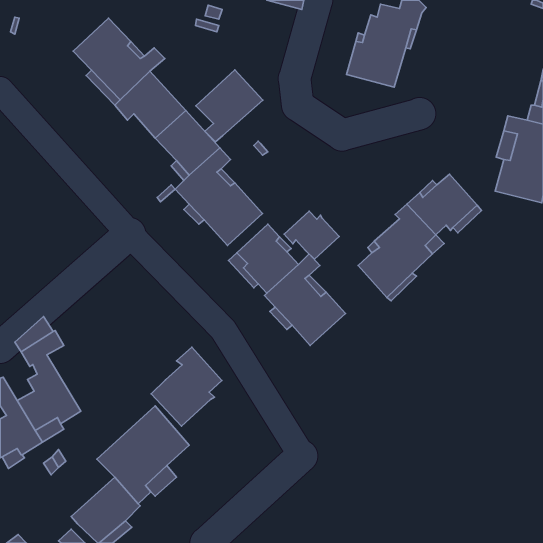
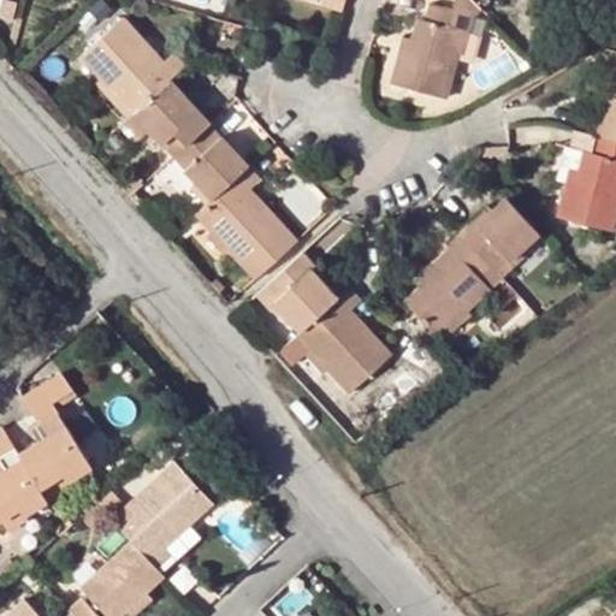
building: [196,70,263,142] -> none
building: [284,211,339,259] -> none
building: [151,347,222,426] -> none

